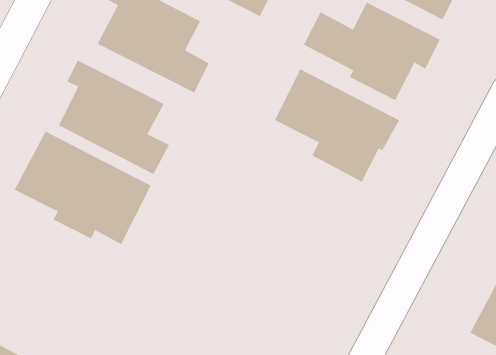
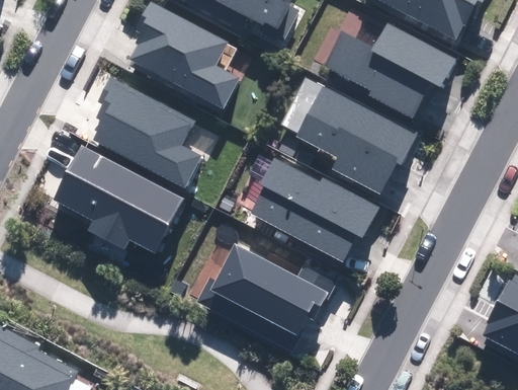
building: none -> [248,159,377,261]
building: none -> [197,245,333,349]

